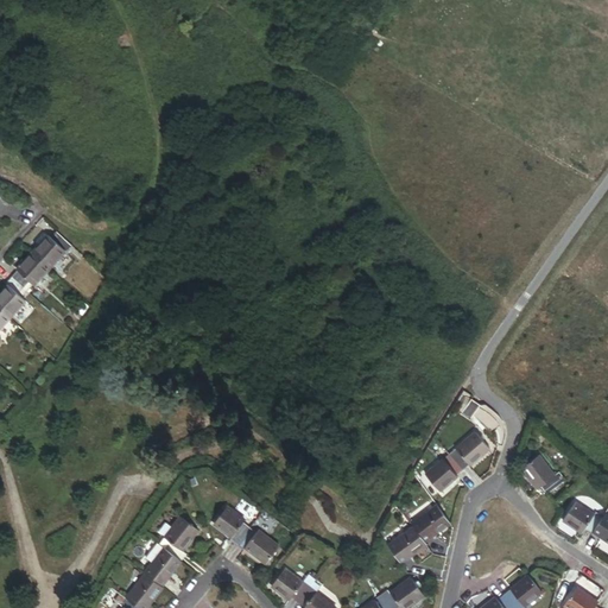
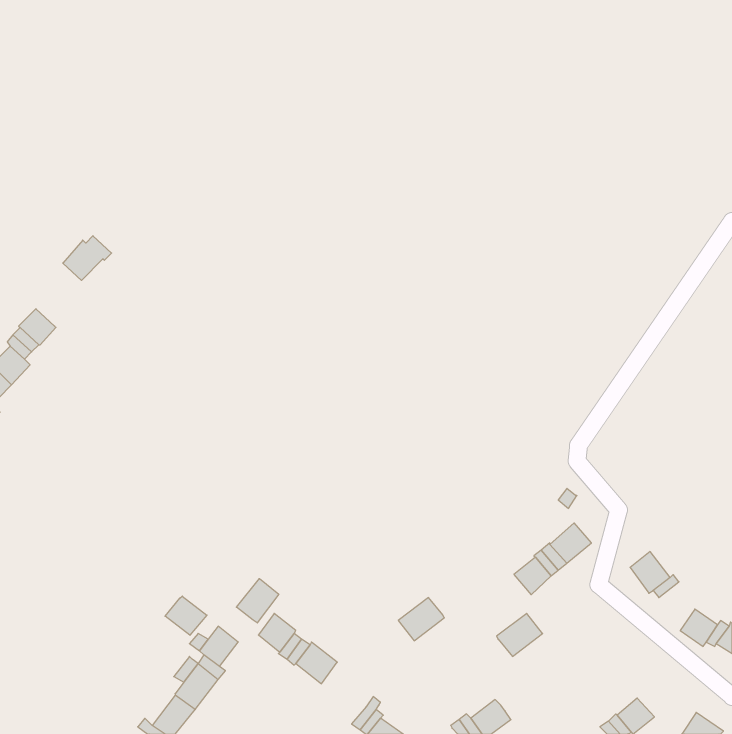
building: [30,233,70,270] -> [63,236,112,280]
building: none -> [236,579,279,623]
building: none -> [165,596,207,635]
building: [387,528,425,564] -> [398,598,444,641]
building: [271,570,303,601] -> none

